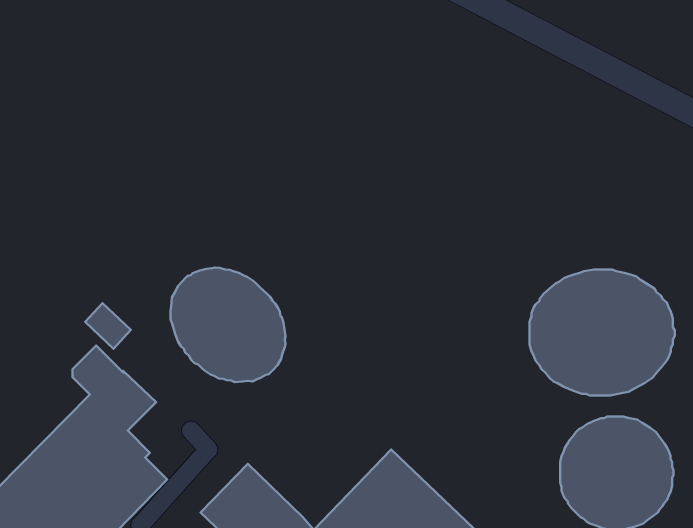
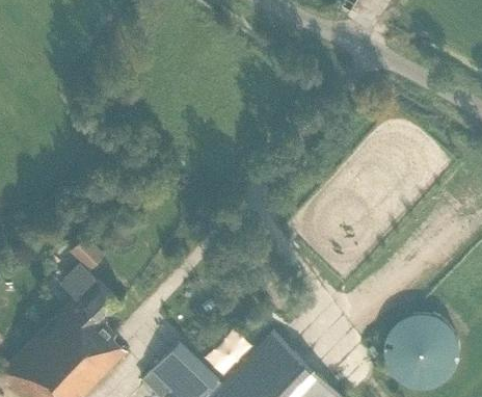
building: [171,267,286,382] -> none
building: [529,269,675,395] -> none

